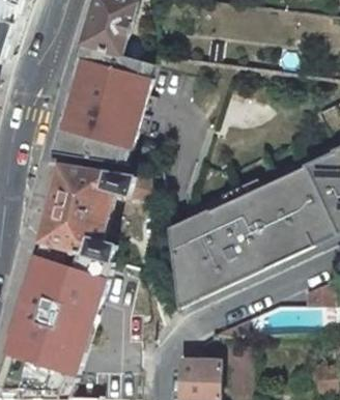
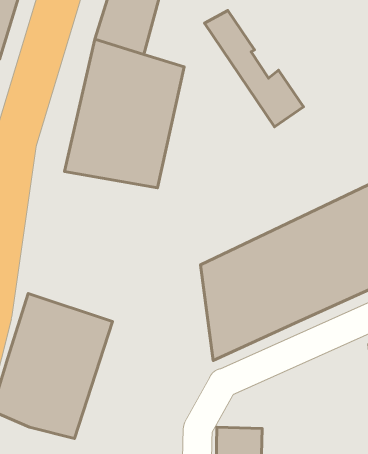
building: none -> [204,11,303,127]
building: [40,164,152,262] -> none

